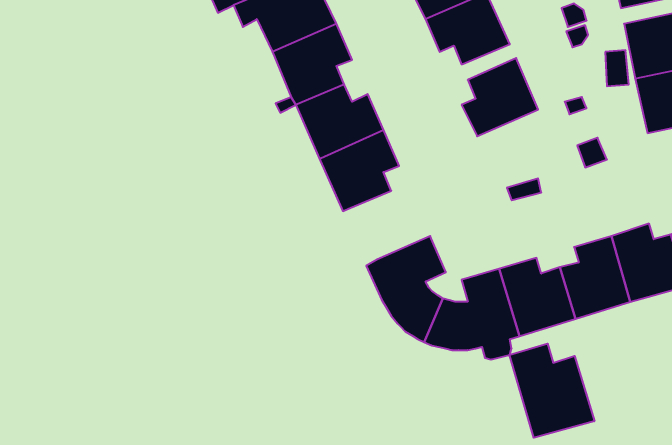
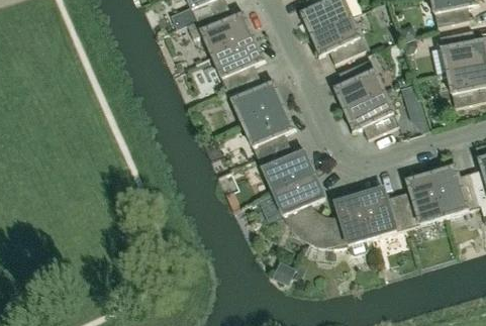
building: none -> [345,92,399,138]
building: none -> [258,144,314,193]
building: [510,344,594,438] -> none

